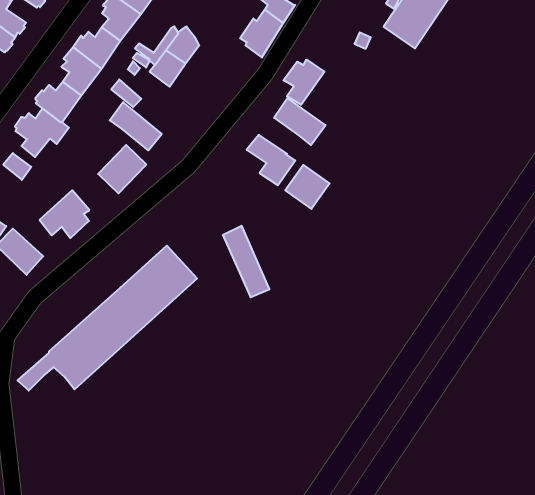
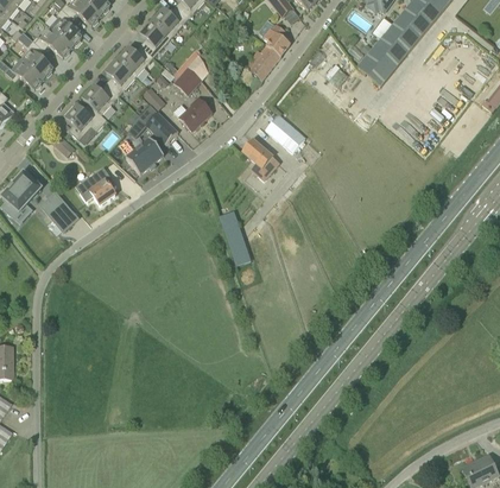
building: [283,60,324,105] -> none
building: none -> [175,95,213,129]
building: [285,165,330,209] -> none
building: [18,246,197,391] -> none

